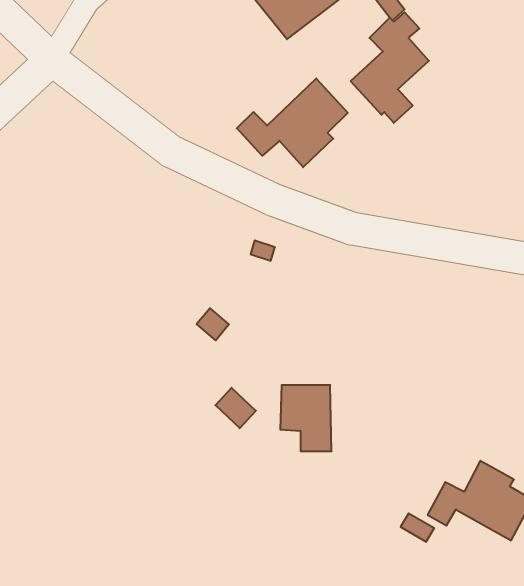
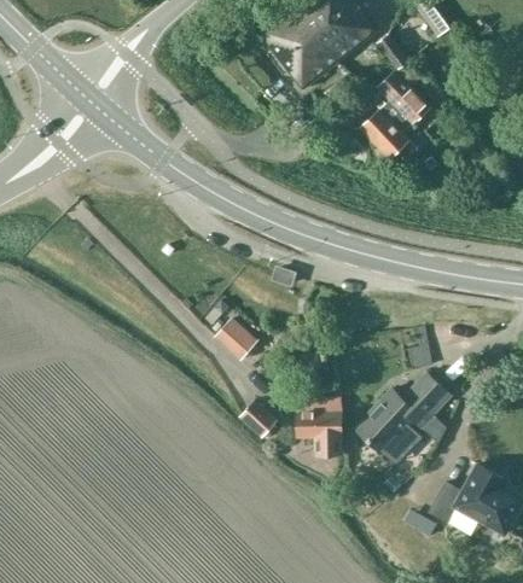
building: [237,78,348,167] -> none
building: none -> [354,374,449,465]

